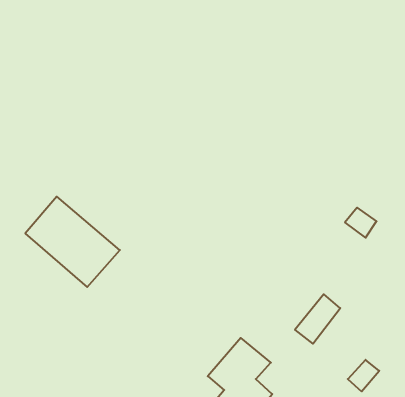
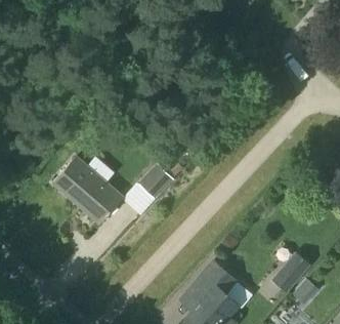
building: none -> [137,164,173,201]
building: [295,294,340,344] -> [274,254,308,291]

